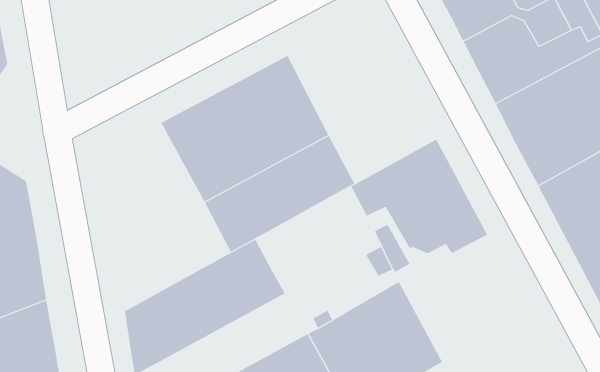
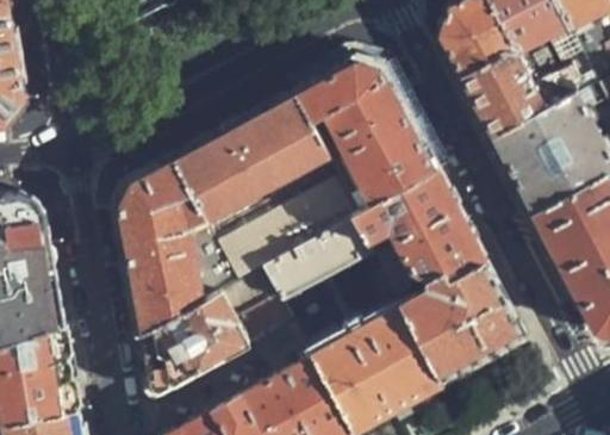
building: none -> [294,60,436,215]
building: none -> [116,156,239,336]
building: none -> [263,217,373,304]
building: none -> [400,263,524,385]

